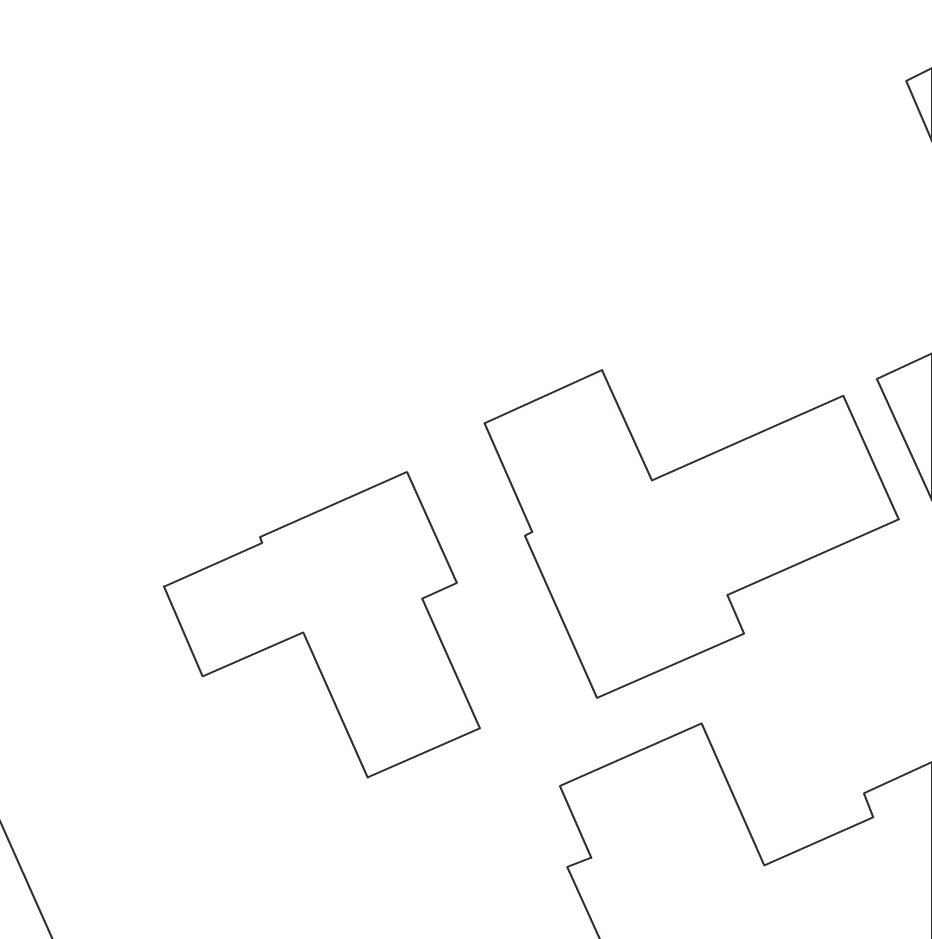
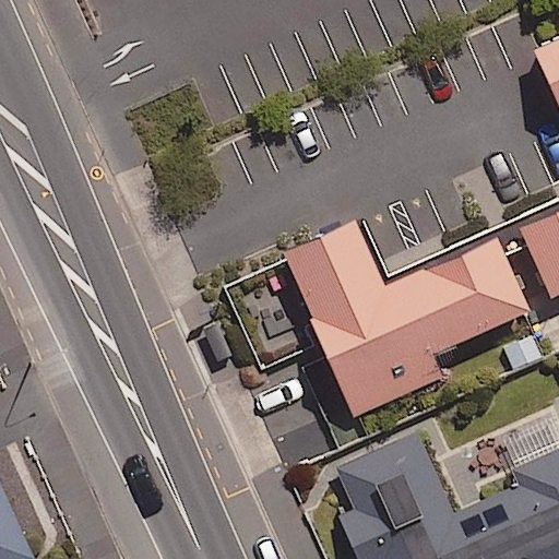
building: [164,472,480,778] -> none

